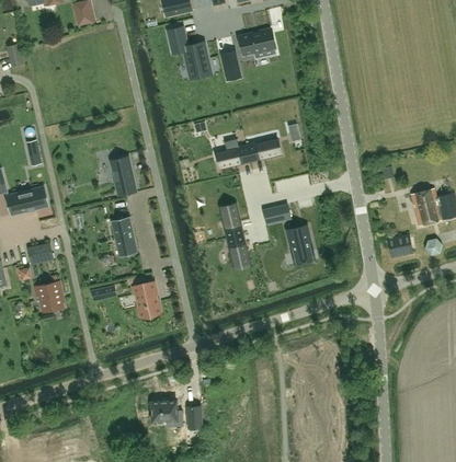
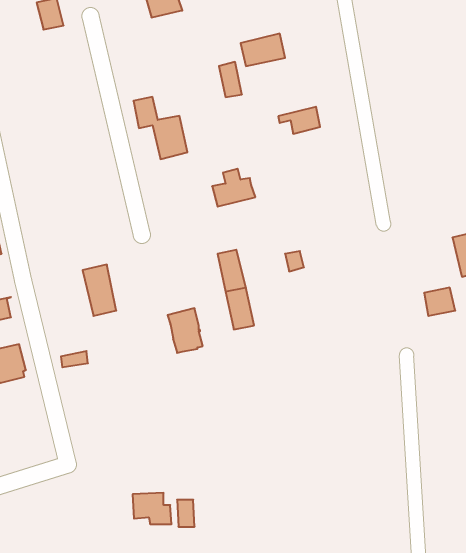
building: [168,27,212,78] -> [133,97,187,159]
building: [247,138,281,160] -> [278,107,320,134]
building: [111,157,136,196] -> none
building: [287,226,312,263] -> none
building: [133,281,161,317] -> [168,308,203,353]

